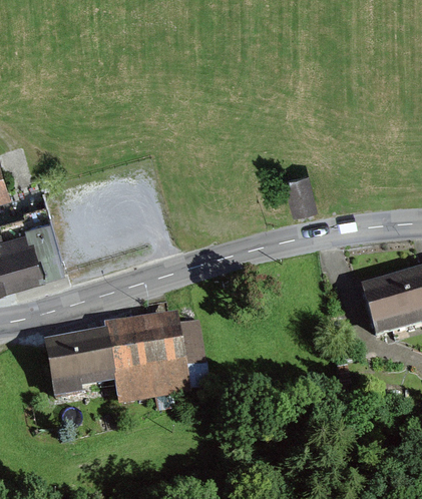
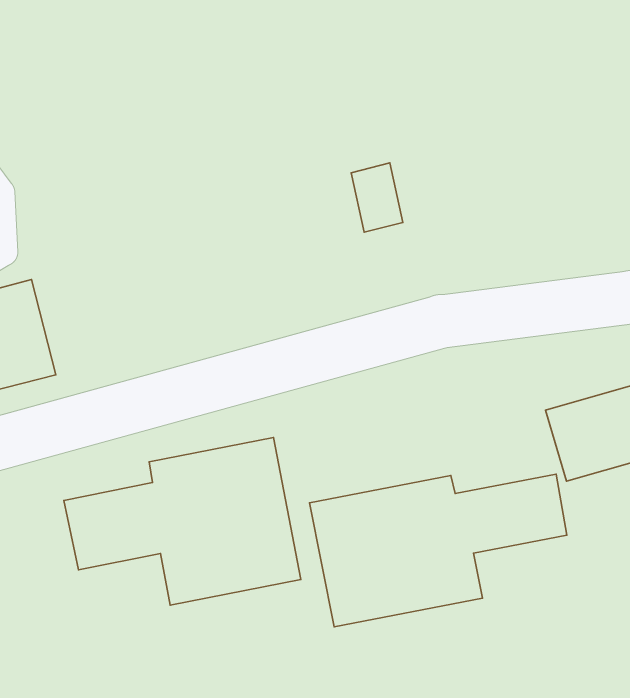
building: [282,168,314,211] -> [351,163,403,232]
building: none -> [310,474,567,627]

